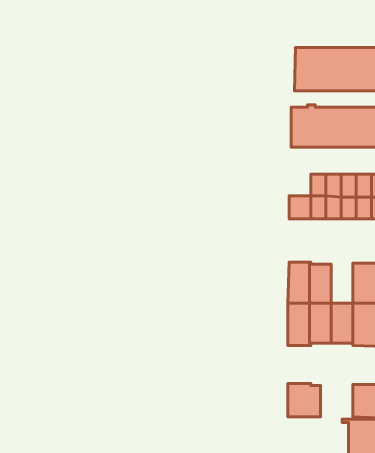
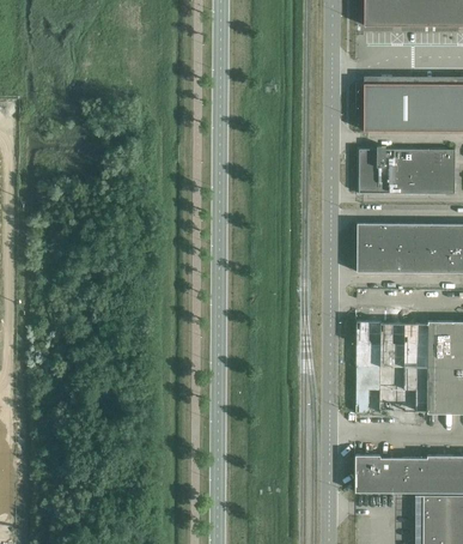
building: none -> [357,224,380,248]
building: none -> [403,324,427,367]
building: none -> [391,458,427,492]

